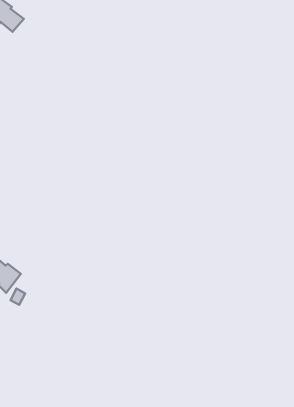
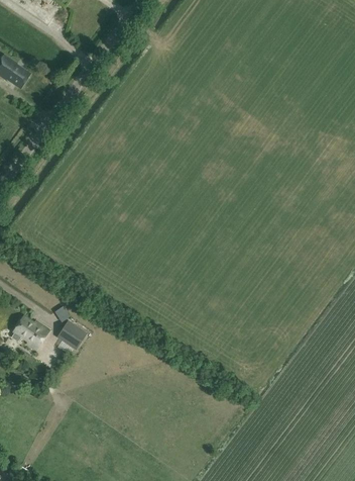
building: none -> [56,321,85,350]

